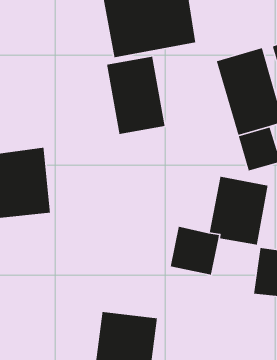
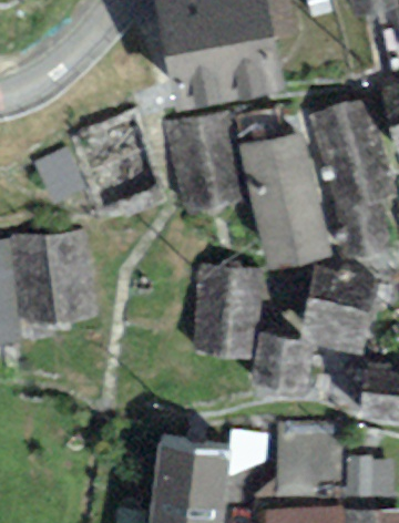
building: none -> [75,112,162,206]
building: none -> [239,130,332,273]
building: none -> [195,265,263,358]

